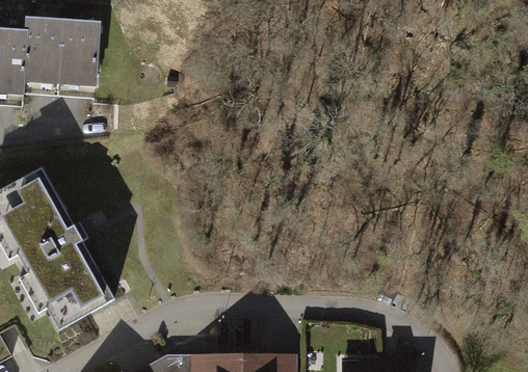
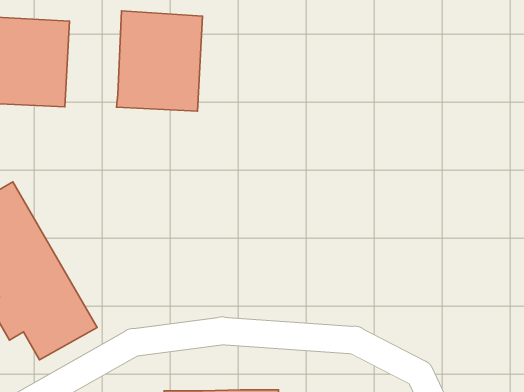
building: none -> [116,11,203,111]

